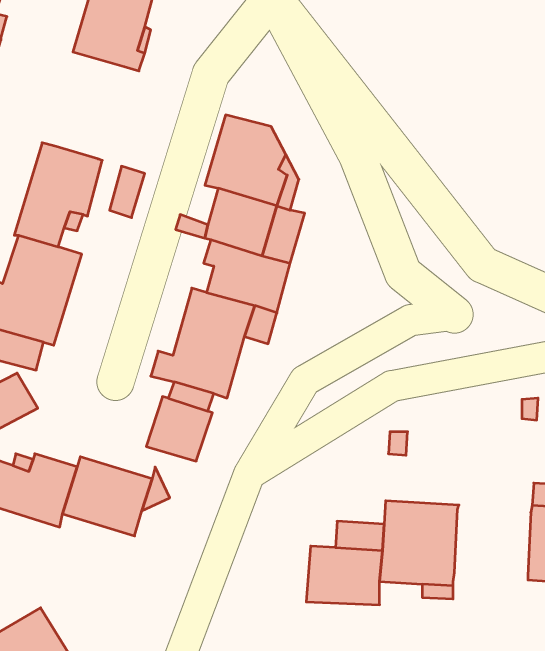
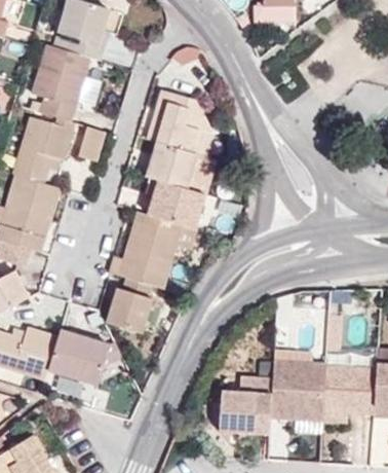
building: none -> [32,43,90,120]
building: none -> [321,366,375,412]

